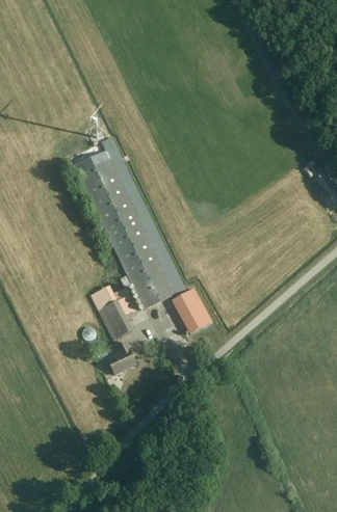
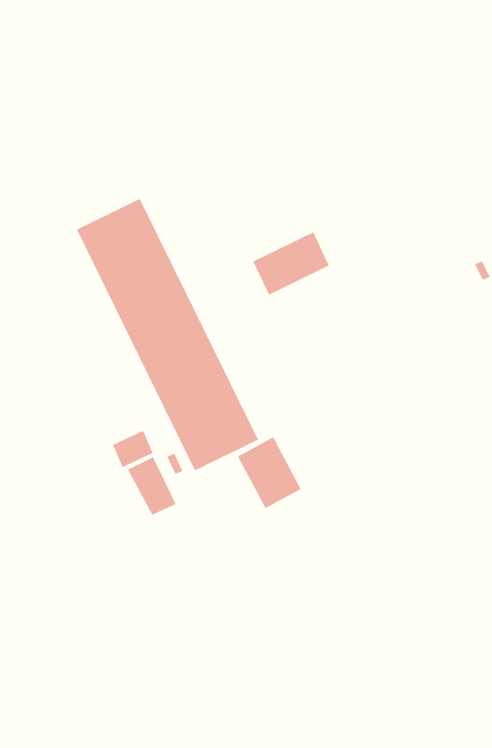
building: none -> [253,232,330,296]
building: [109,343,137,375] -> none

